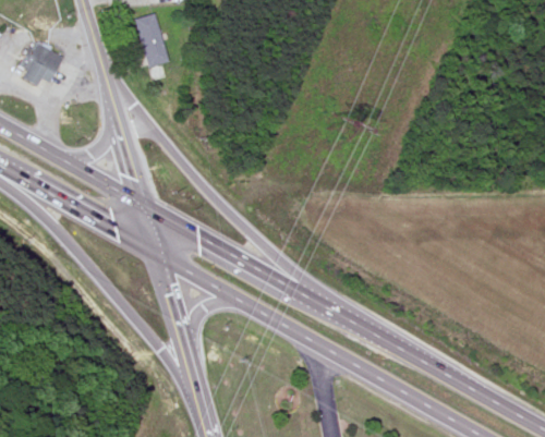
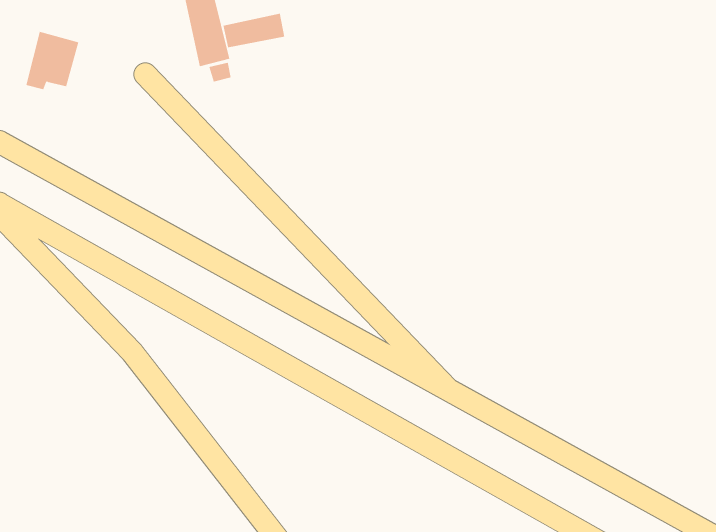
building: none -> [223,13,285,48]

